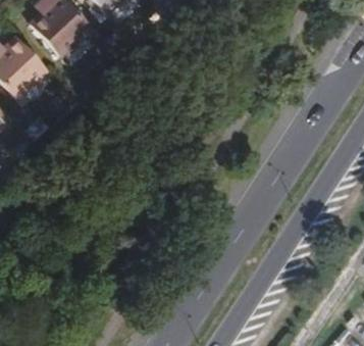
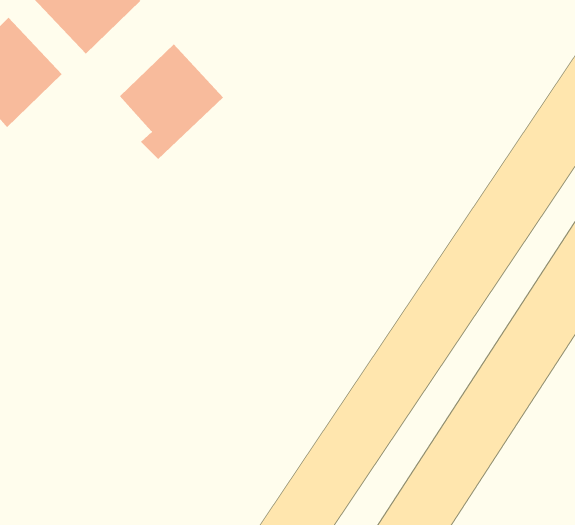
building: none -> [119,43,224,160]

